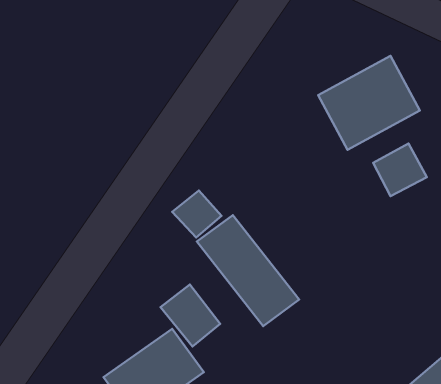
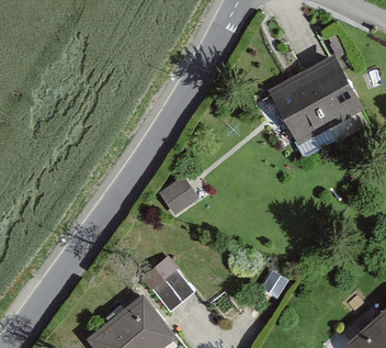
building: [373,143,427,196] -> none
building: [197,215,299,326] -> none

